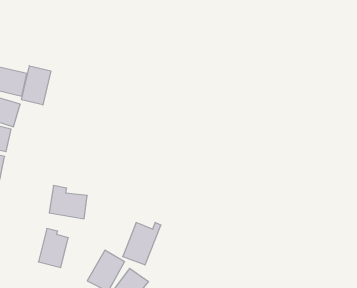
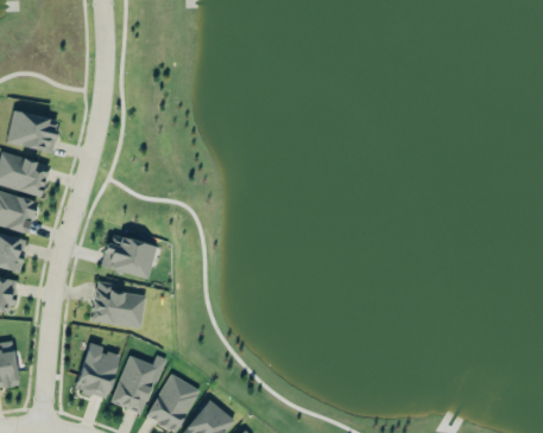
building: [22,66,51,105] -> none
building: none -> [101,236,154,278]
building: [123,223,161,265] -> [109,355,164,415]

